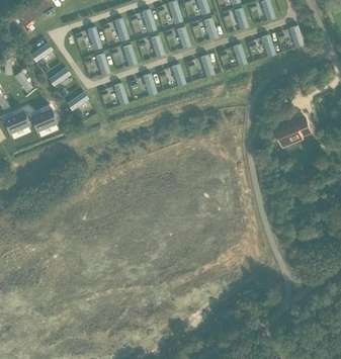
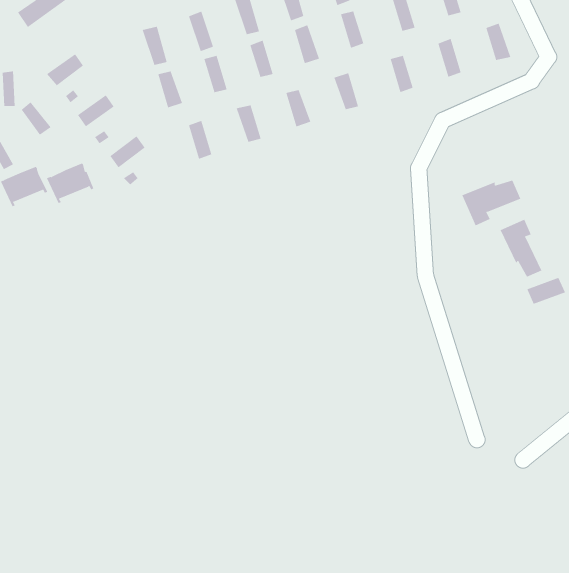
building: none -> [500,219,542,278]

